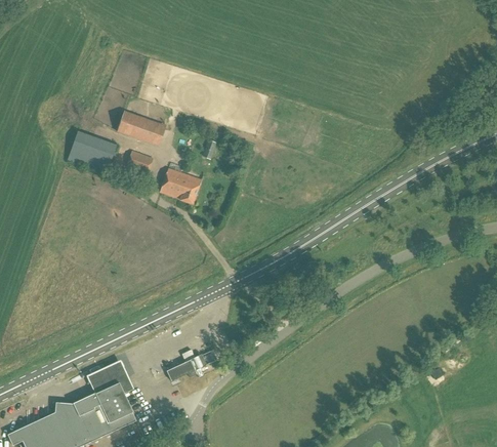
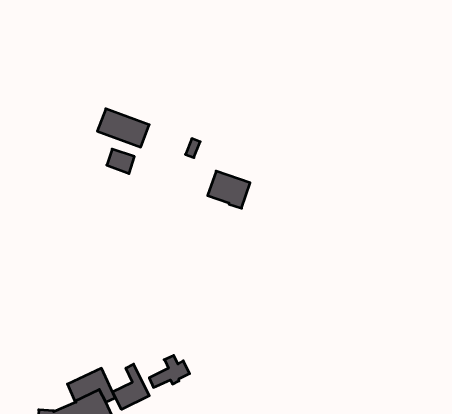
building: [69,131,115,160] -> none
building: [160,167,201,203] -> [208,171,250,208]
building: none -> [112,364,149,409]

